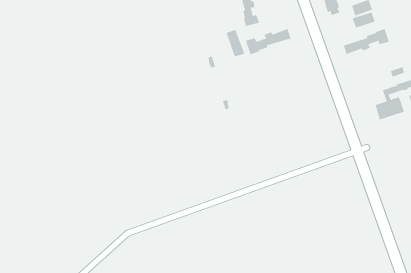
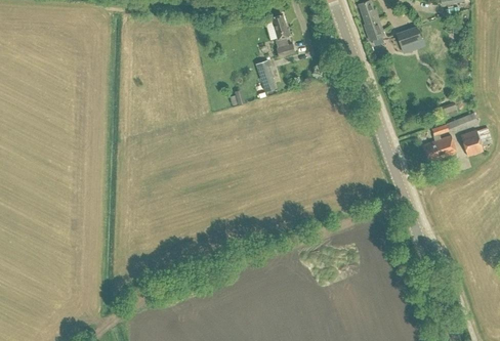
building: [343,28,390,55] -> none
building: [245,28,291,55] -> none

